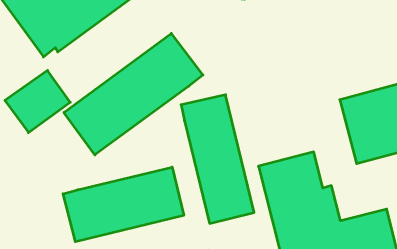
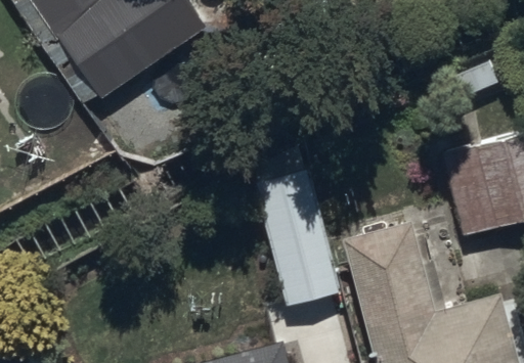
building: [64,33,203,155] -> none
building: [63,167,184,242] -> none

